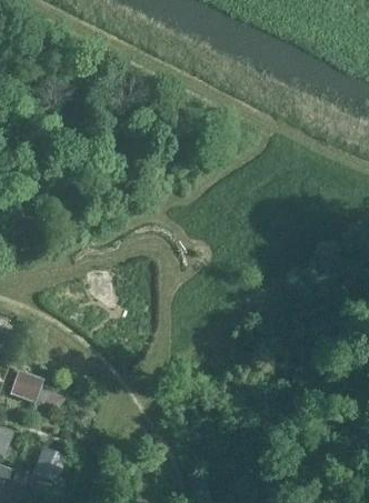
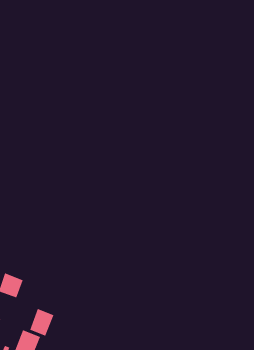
building: none -> [29,308,54,336]

